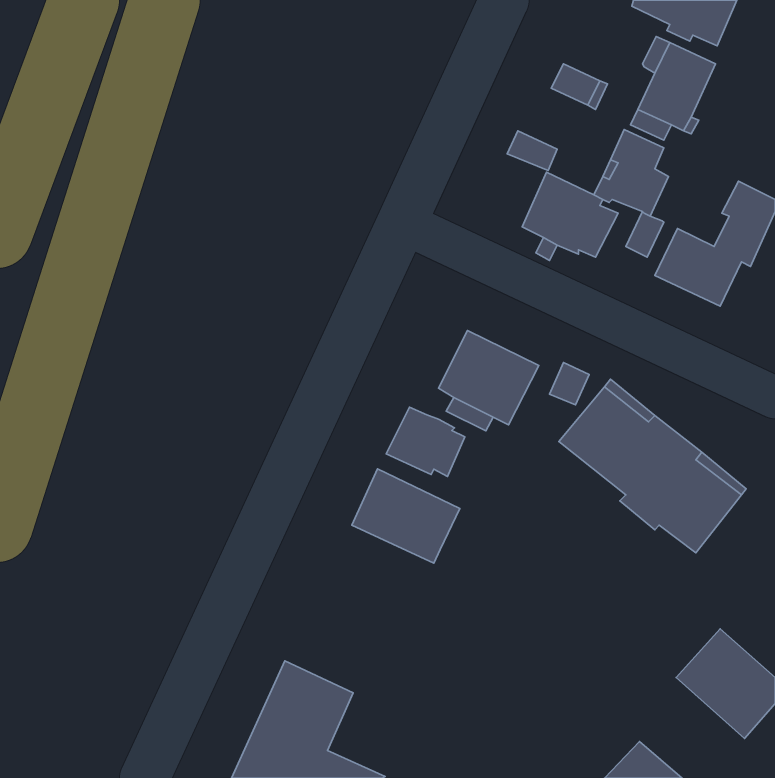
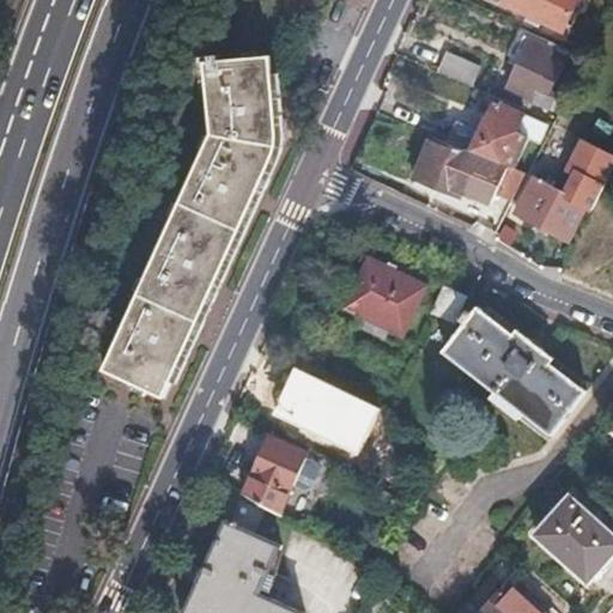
building: none -> [103,53,277,394]
building: [386,407,465,476] -> none
building: none -> [247,436,308,512]

